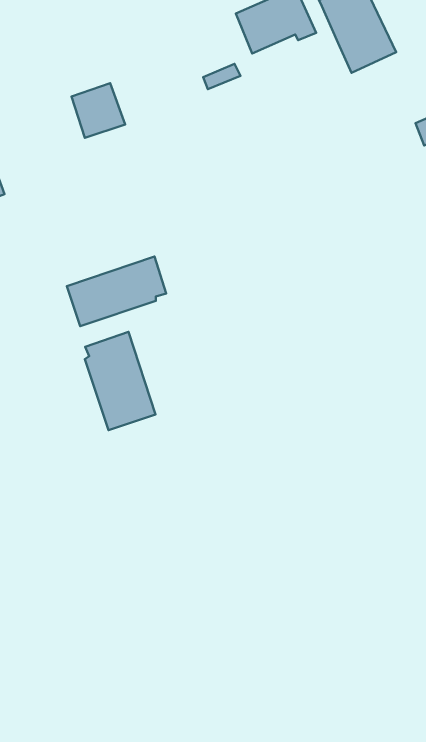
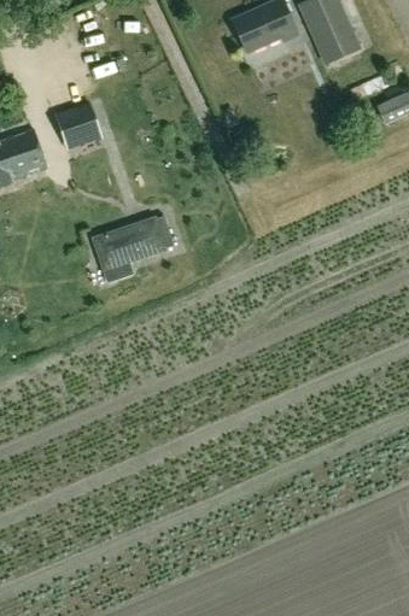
building: [72,83,125,138] -> [54,102,98,147]
building: [85,332,156,430] -> none

